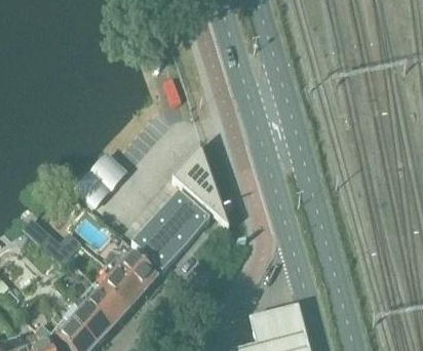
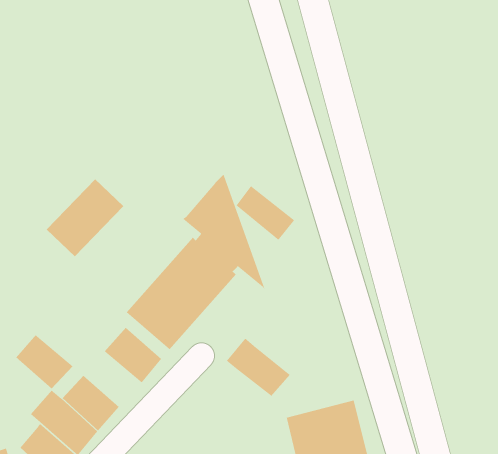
building: none -> [236,185,295,241]
building: none -> [226,337,291,397]
building: [101,272,142,311] -> [15,334,73,389]

